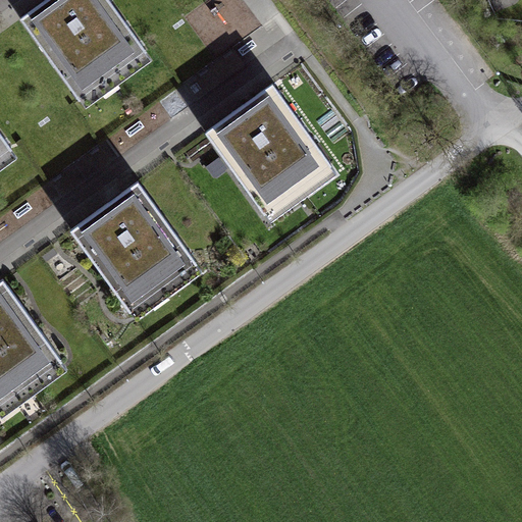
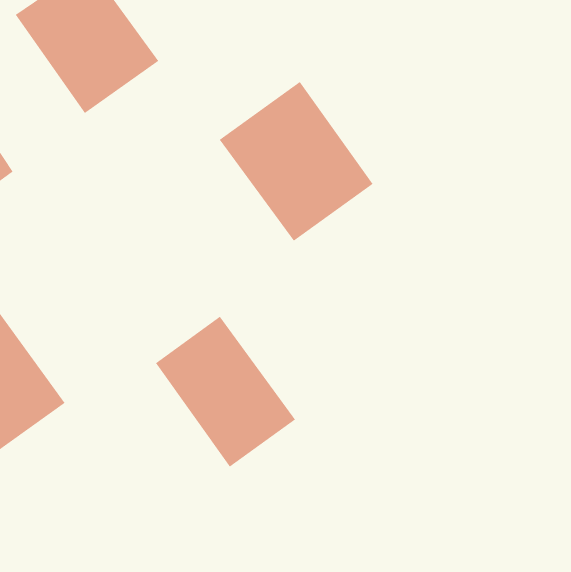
building: [64,174,198,313] -> none
building: none -> [155,316,296,467]

